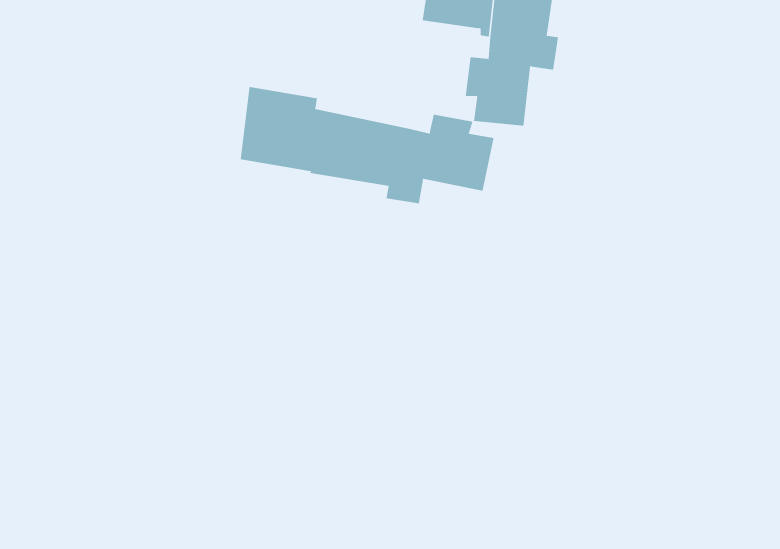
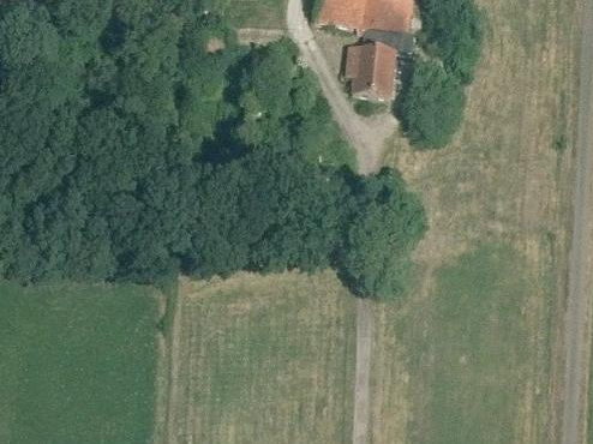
building: [240,86,494,204] -> none

